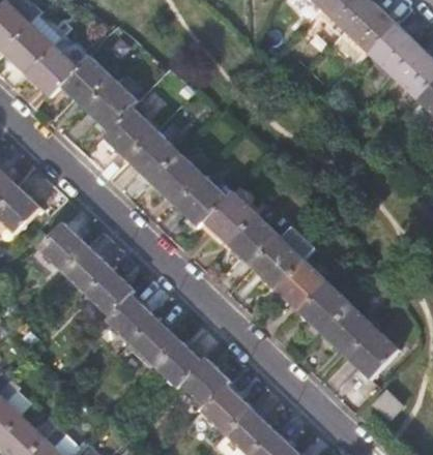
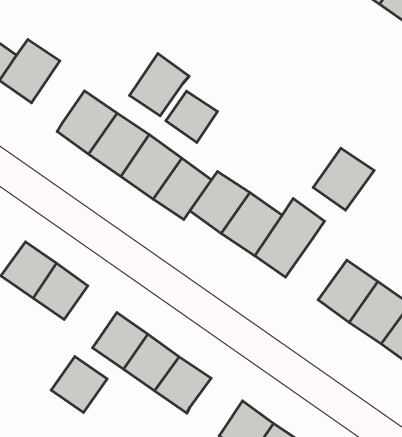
building: [87,78,139,129] -> [129,54,189,116]
building: none -> [166,91,217,142]
building: [275,256,327,308] -> [313,148,374,210]
building: [86,267,134,314] -> [51,356,107,413]
building: [178,356,227,404] -> none

